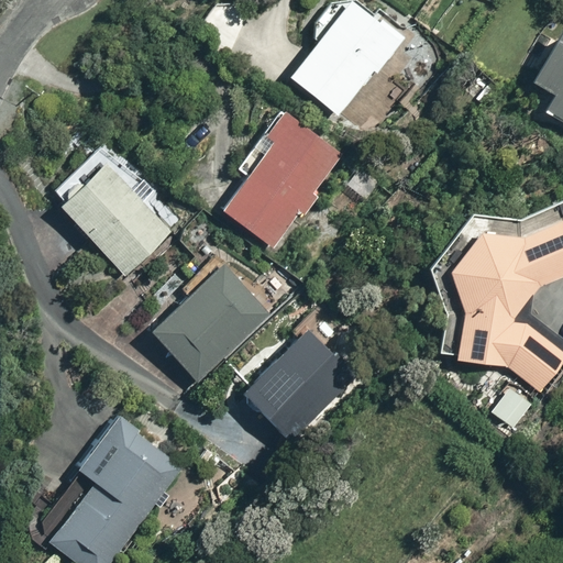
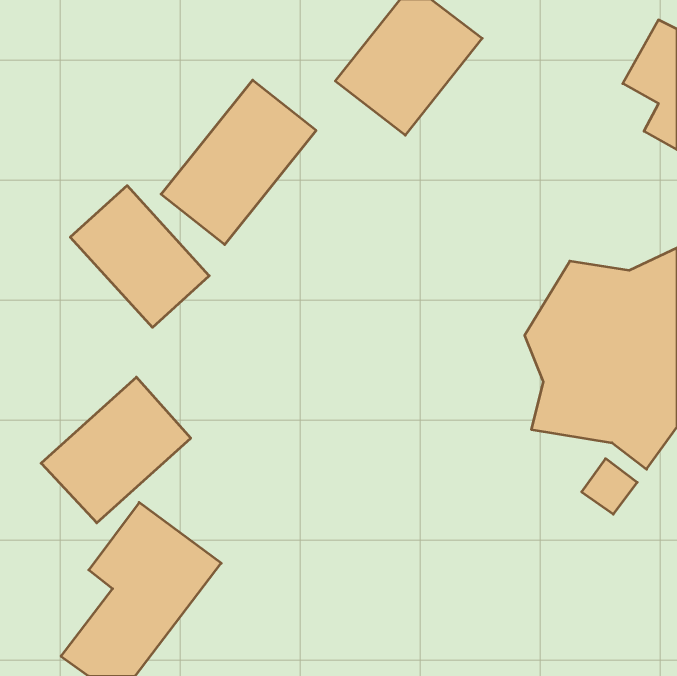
building: [220,120,349,256] -> [161,80,316,245]
building: [150,263,274,384] -> [41,377,191,523]
building: [250,328,358,439] -> none

